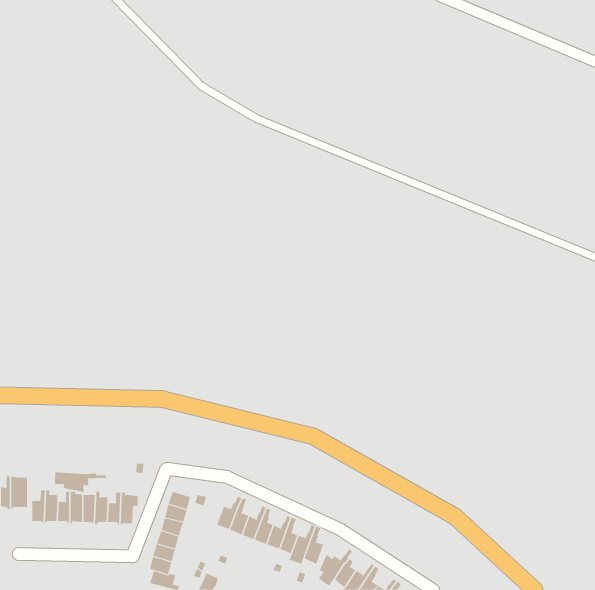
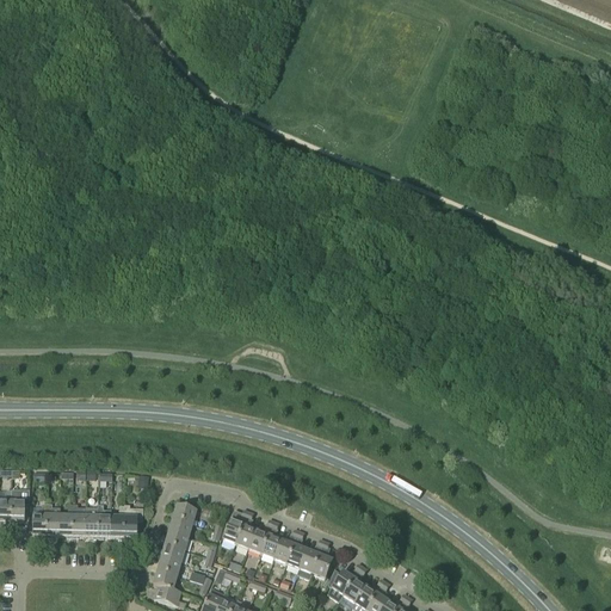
building: [54,471,107,493] -> none

